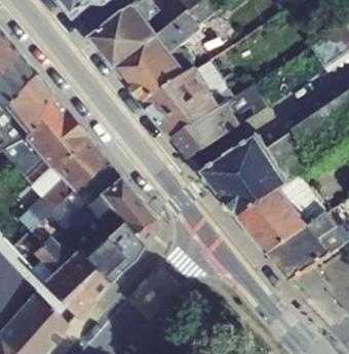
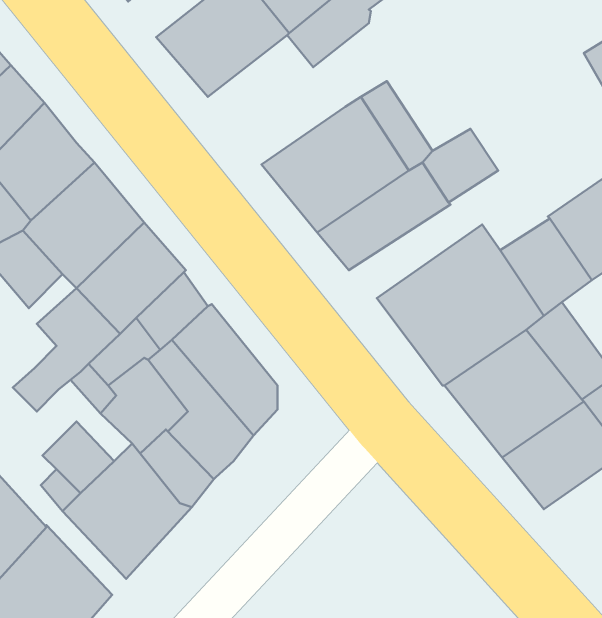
building: [116,36,187,103] -> none

